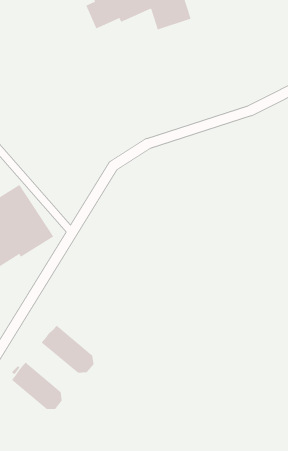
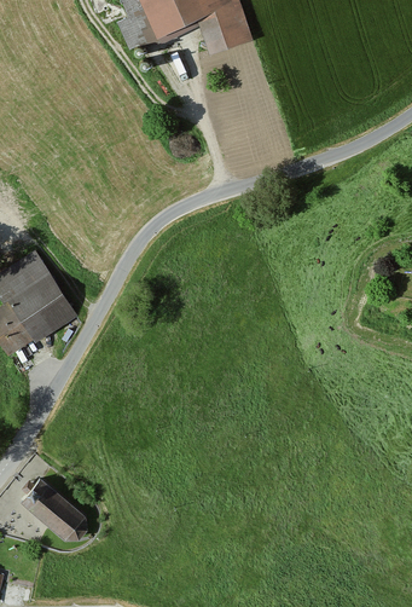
building: [41,325,94,374] -> none

